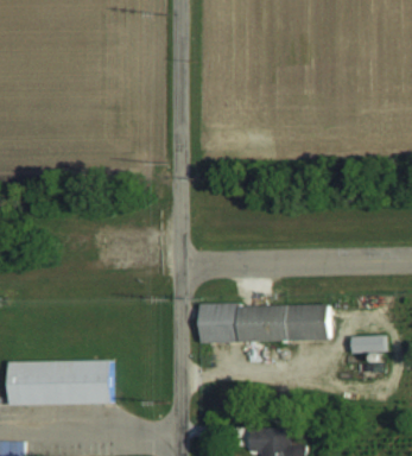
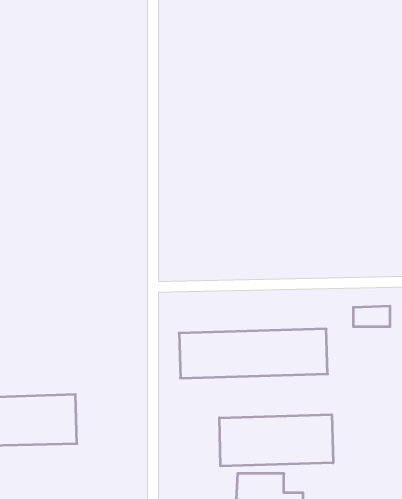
building: [354,335,386,353] -> [353,306,390,327]
building: none -> [219,415,333,466]

